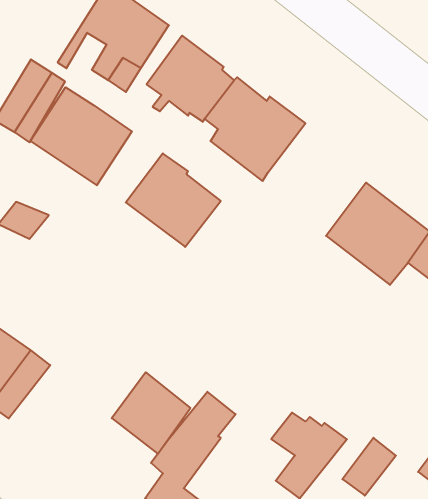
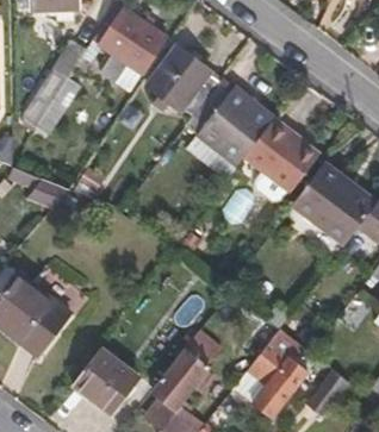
building: [30,87,132,185] -> none
building: [126,153,221,247] -> [246,117,322,192]
building: [112,372,190,454] -> [73,348,136,413]

